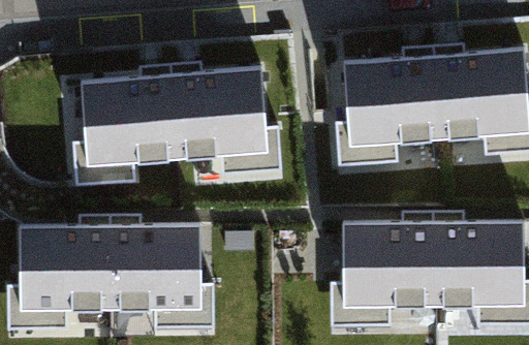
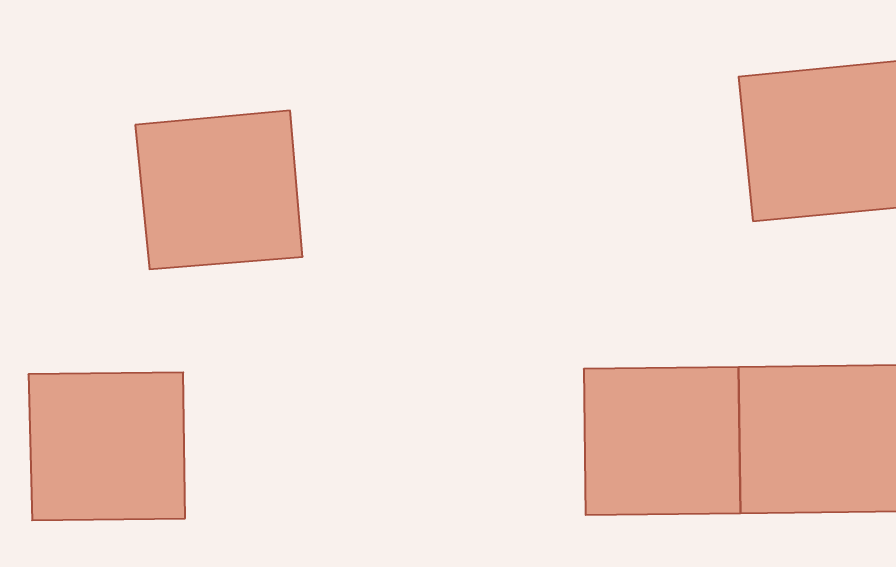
building: [342,57,439,149] -> none
building: [170,68,272,161] -> none
building: [108,227,205,313] -> none

